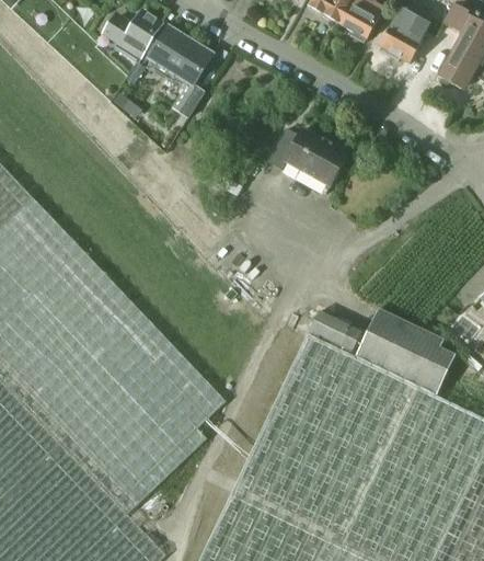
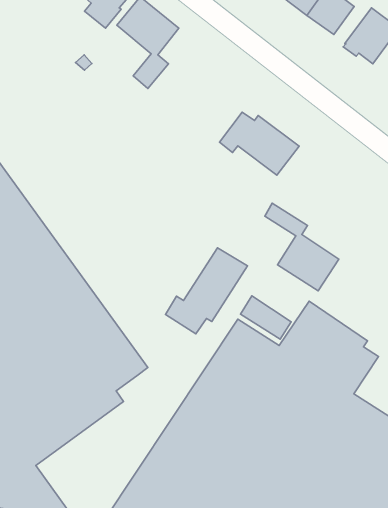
building: none -> [265,203,339,291]
building: none -> [165,248,248,334]

